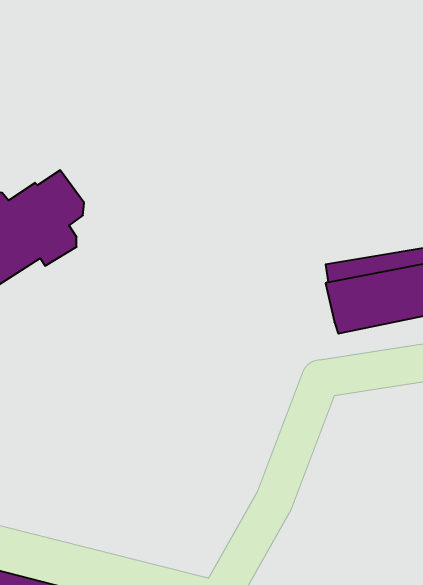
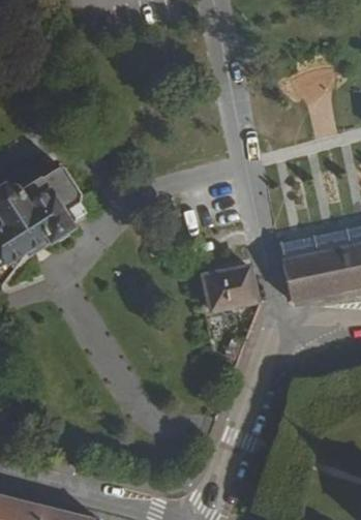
building: none -> [203,267,257,314]

